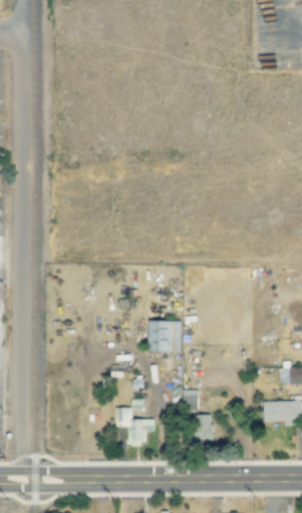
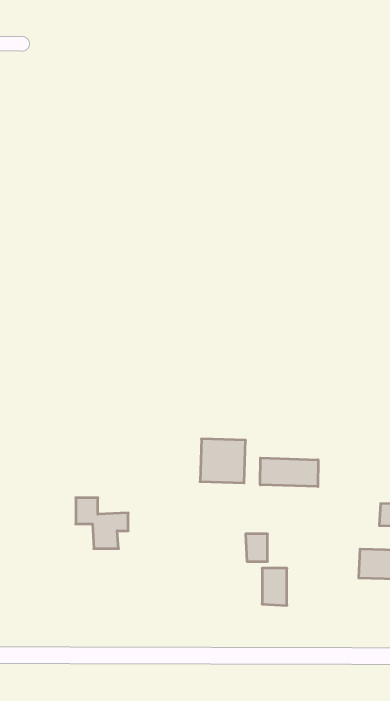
building: none -> [260,458,318,487]
building: [116,407,155,444] -> [76,498,128,549]

